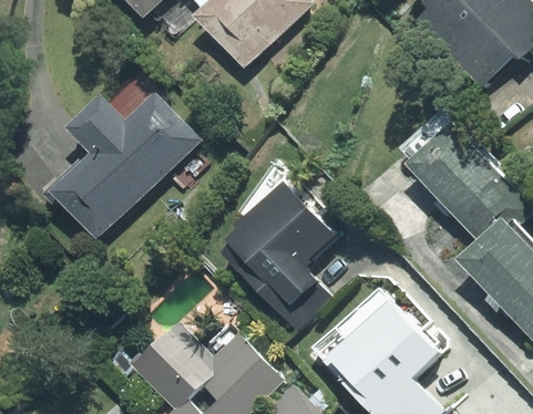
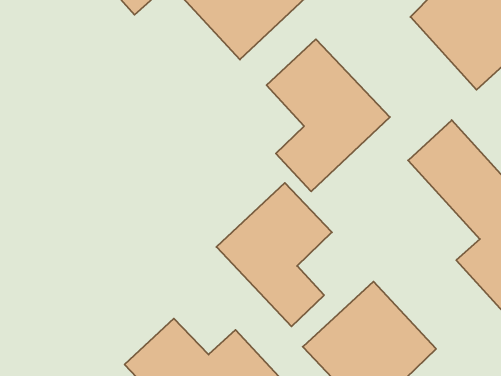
building: none -> [267,39,390,191]
building: [45,93,203,241] -> none

